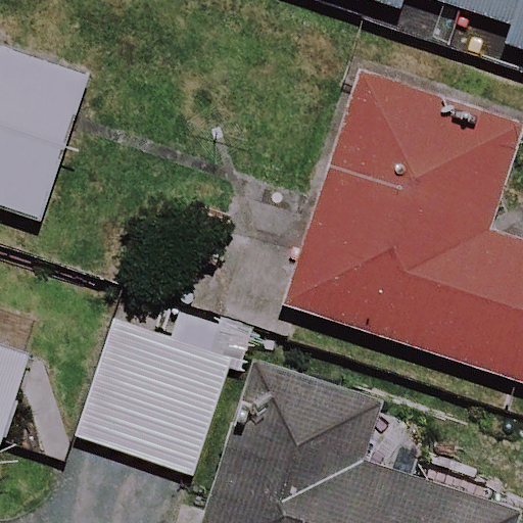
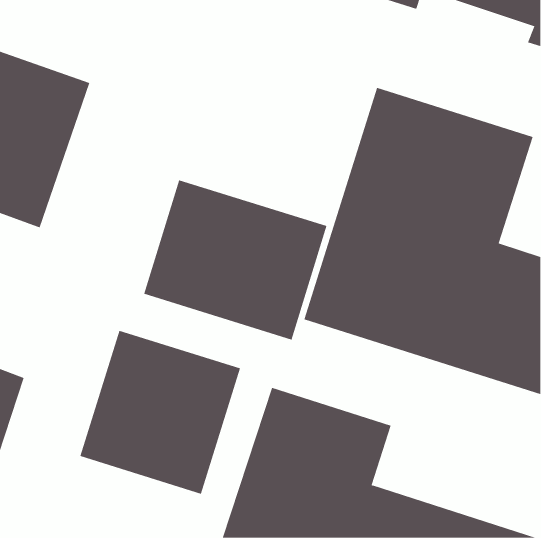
building: none -> [143,179,327,340]

